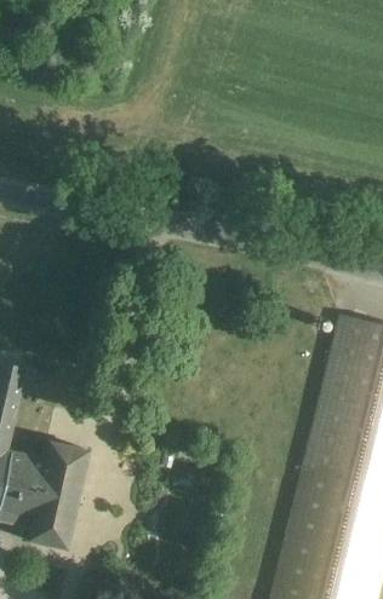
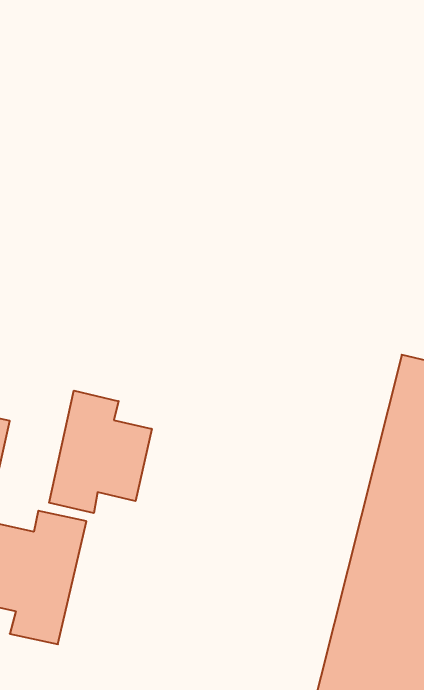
building: none -> [49,391,152,513]

